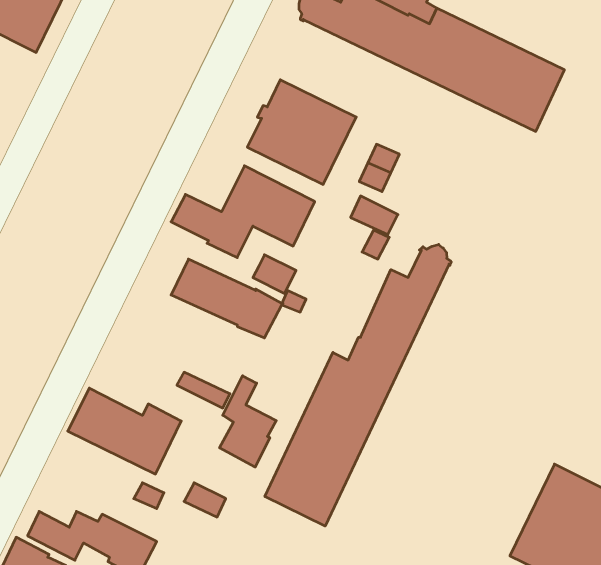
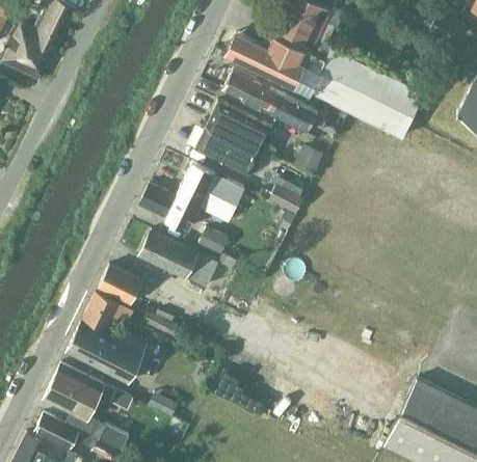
building: none -> [214,70,326,142]
building: [265,244,451,526] -> none
building: none -> [100,265,143,304]
building: none -> [82,296,130,332]
building: [220,376,276,467] -> none
building: none -> [43,363,104,420]

